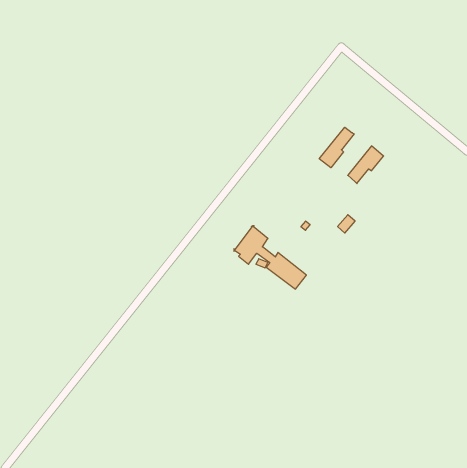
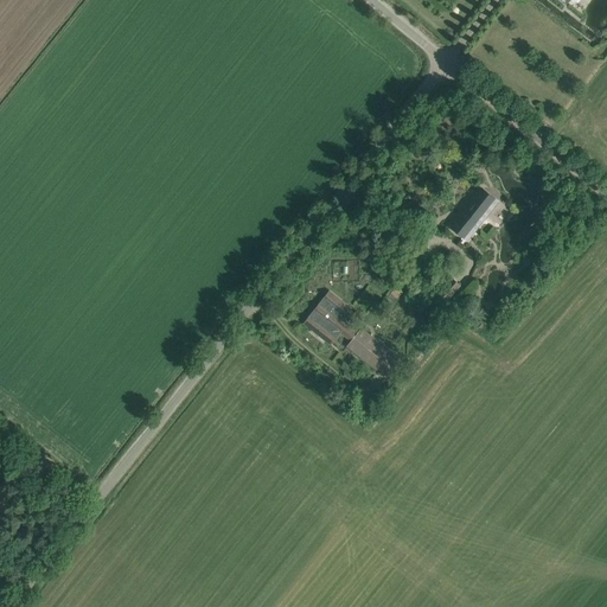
building: [319,127,354,168] -> none

